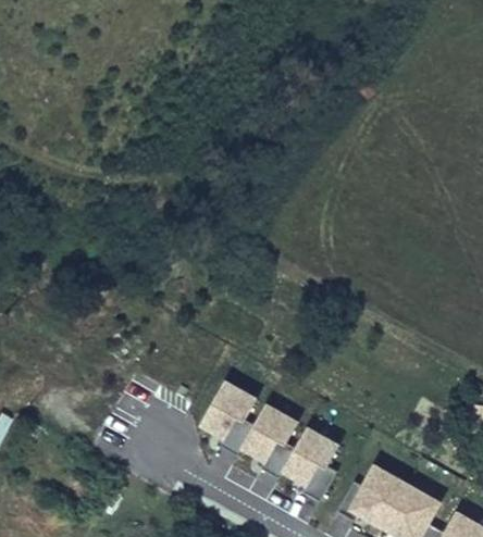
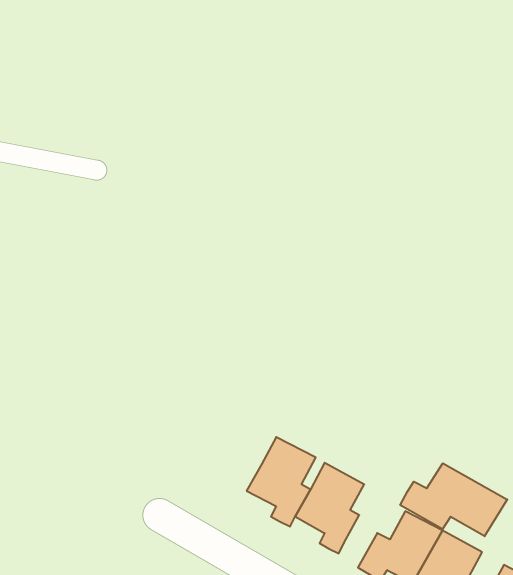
building: [199,382,257,458] -> none
building: none -> [400,463,507,536]

